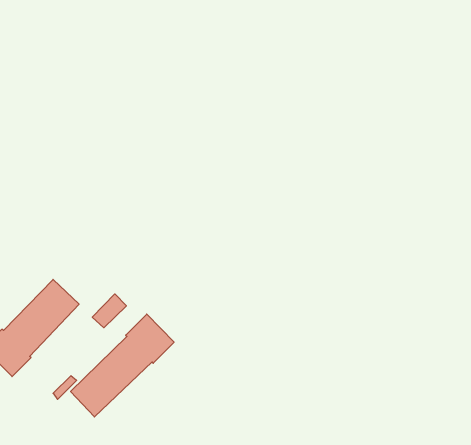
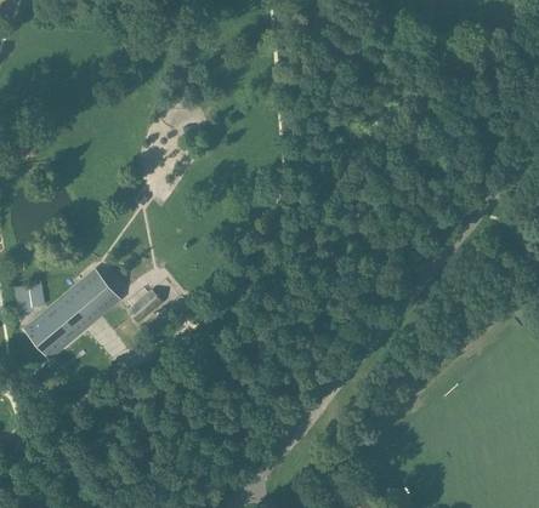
building: [71,314,174,417] -> none

